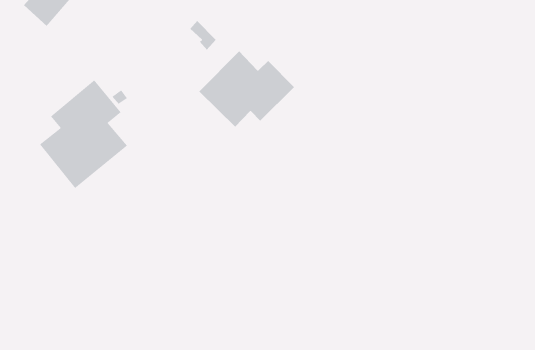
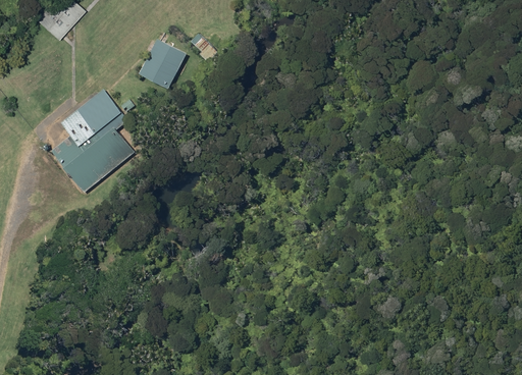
building: none -> [138,38,187,90]
building: [198,51,295,127] -> none

